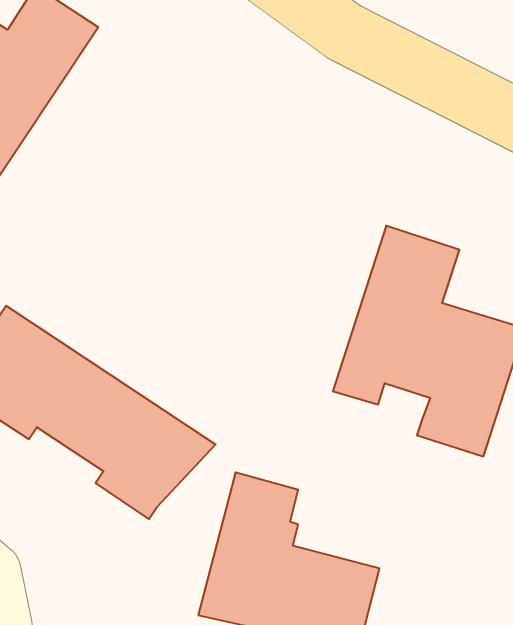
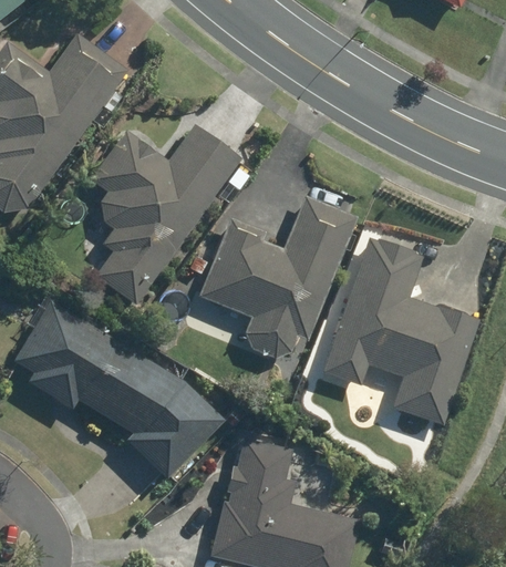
building: none -> [94,125,239,305]
building: none -> [197,198,357,355]

